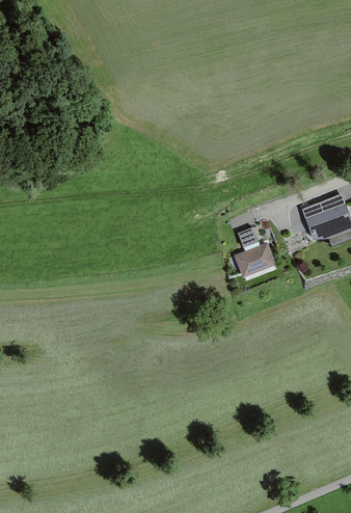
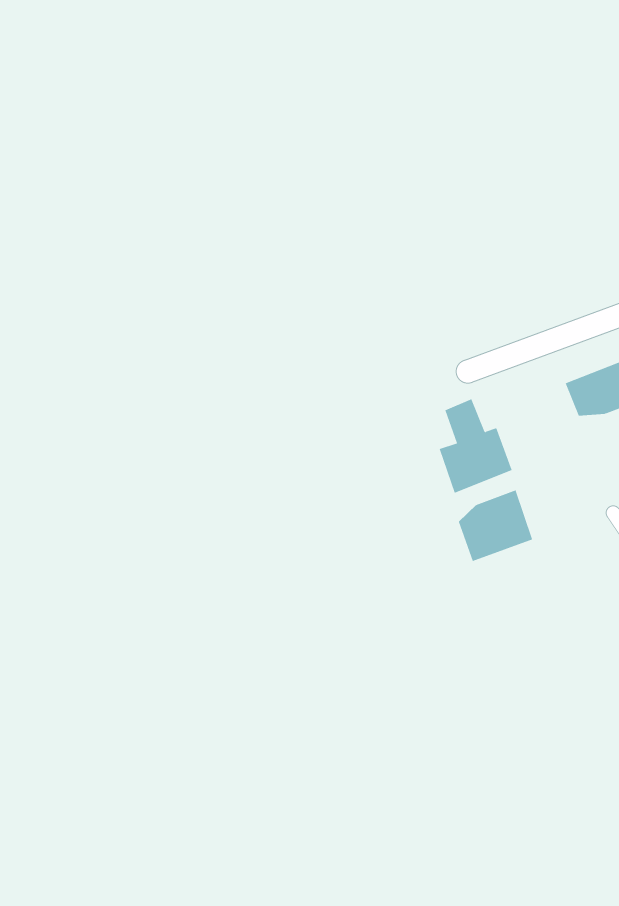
building: none -> [458,489,533,562]

